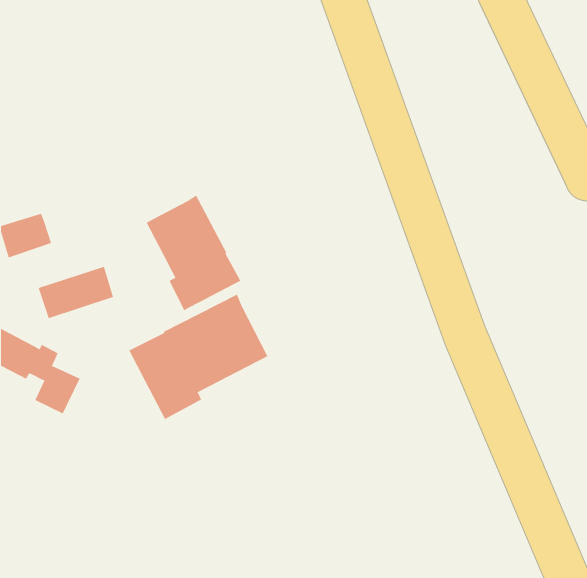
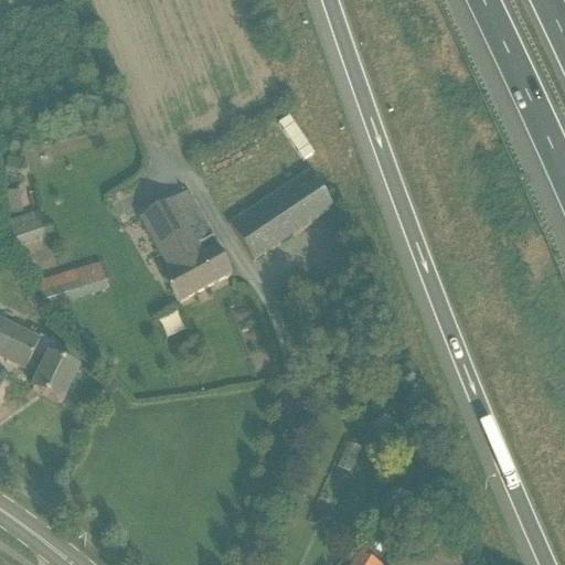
building: none -> [228,159,333,257]
building: [128,294,268,420] -> none

